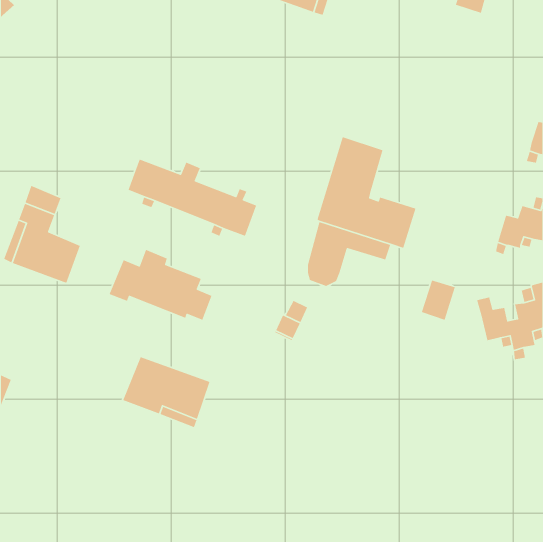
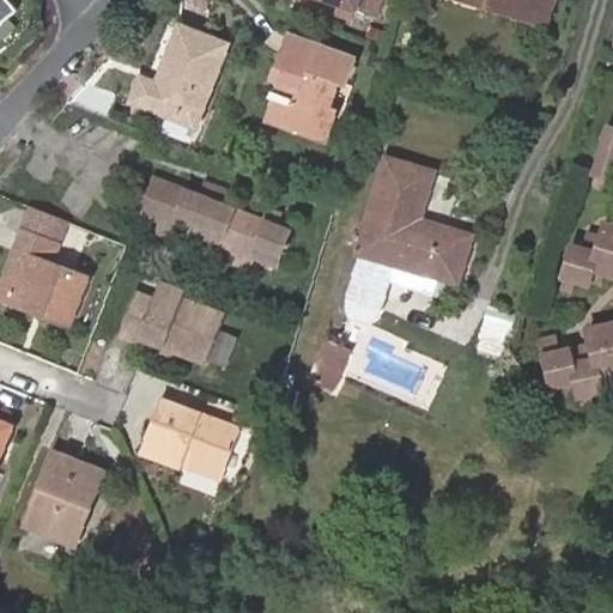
building: none -> [133,26,227,125]
building: none -> [265,44,347,145]
building: none -> [29,454,107,546]

